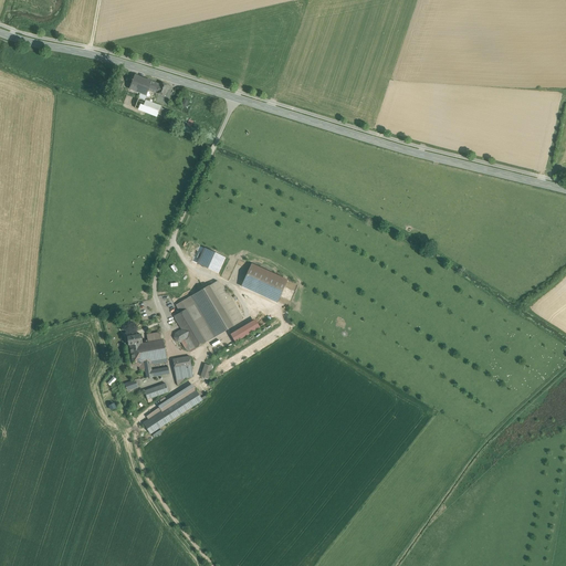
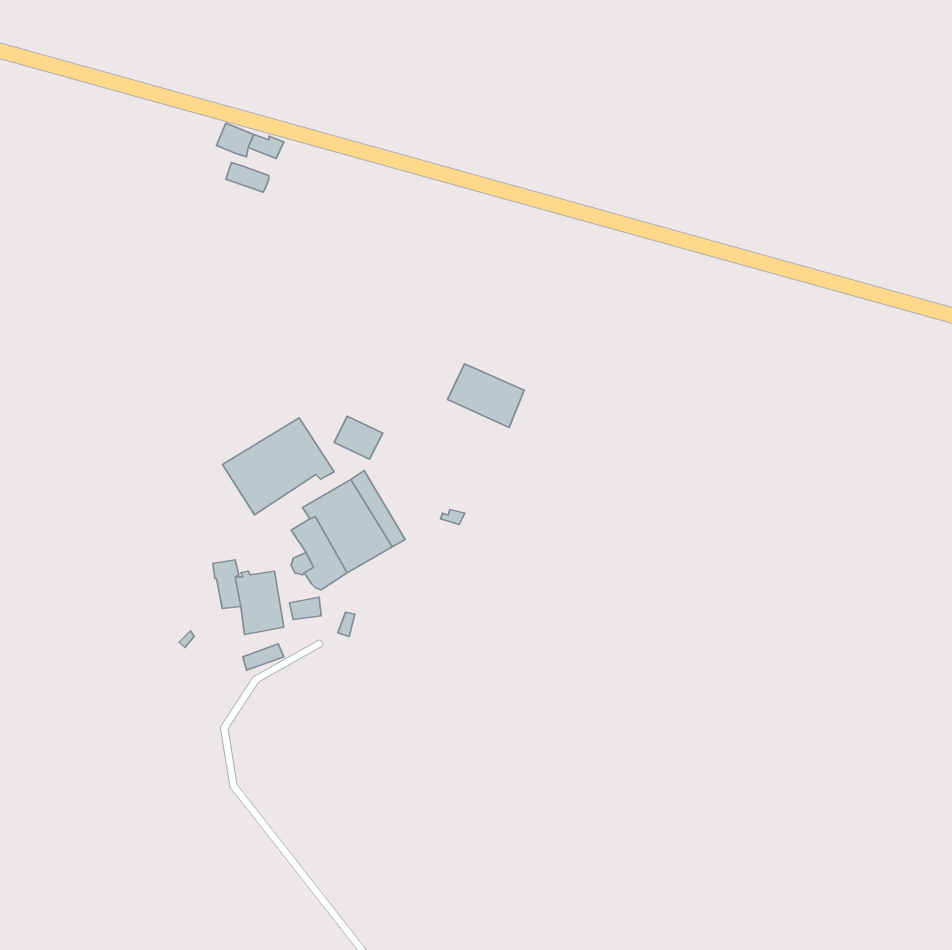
building: none -> [223,418,334,515]
building: [240,263,285,301] -> [448,364,524,427]
building: [143,381,202,432] -> none

